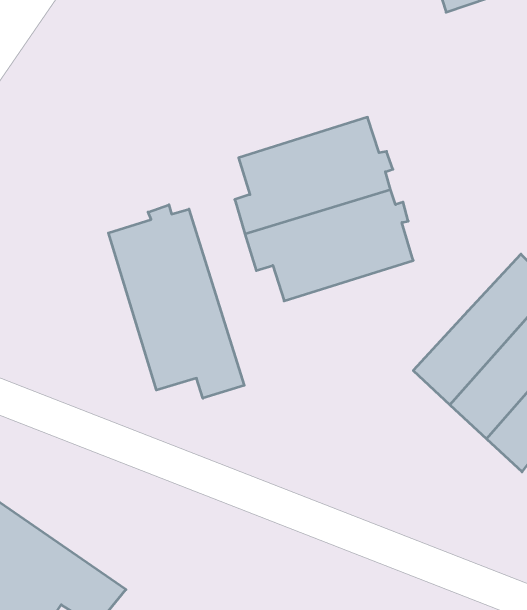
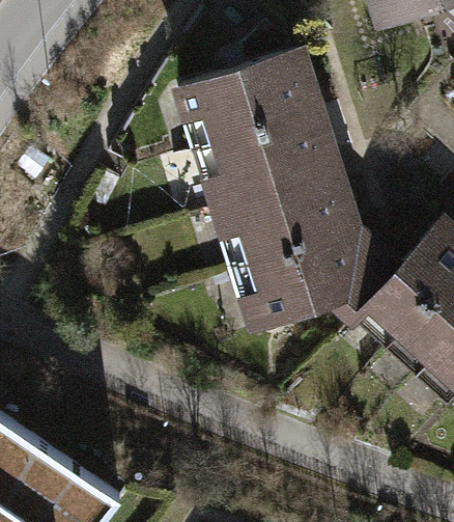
building: none -> [181,50,319,144]
building: [108,205,244,398] -> none
building: none -> [247,228,401,326]

